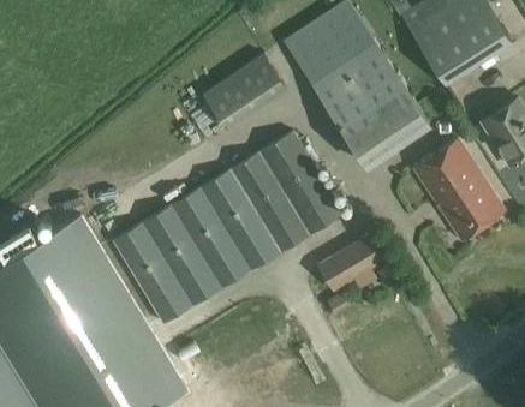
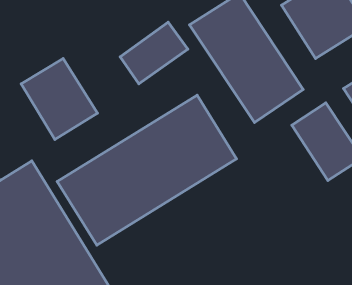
building: none -> [21,58,98,140]
building: [320,231,393,292] -> none

